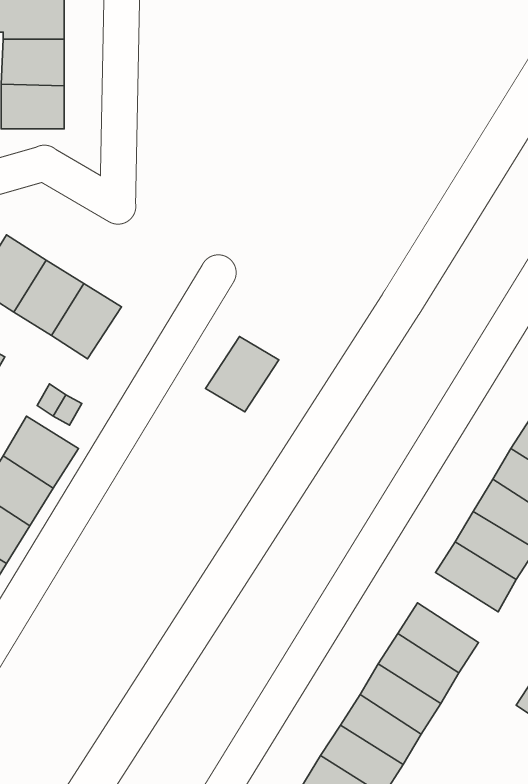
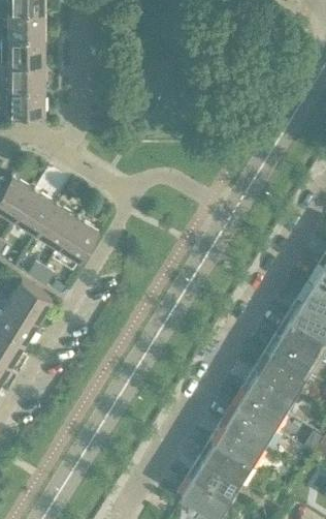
building: [205,336,279,412] -> [57,217,99,261]
building: none -> [247,370,293,410]

